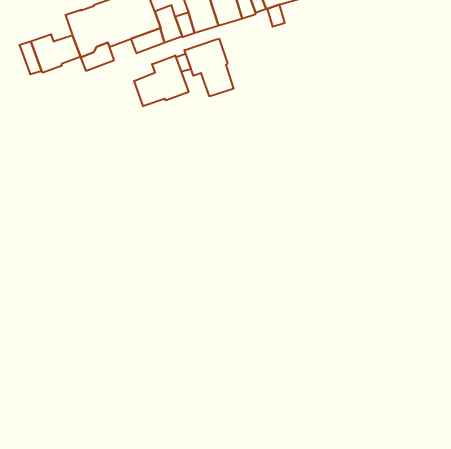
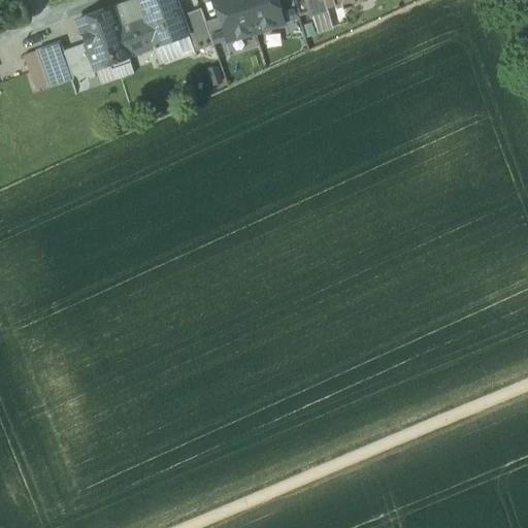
building: [184,39,233,96] -> none
building: [134,55,188,106] -> none

